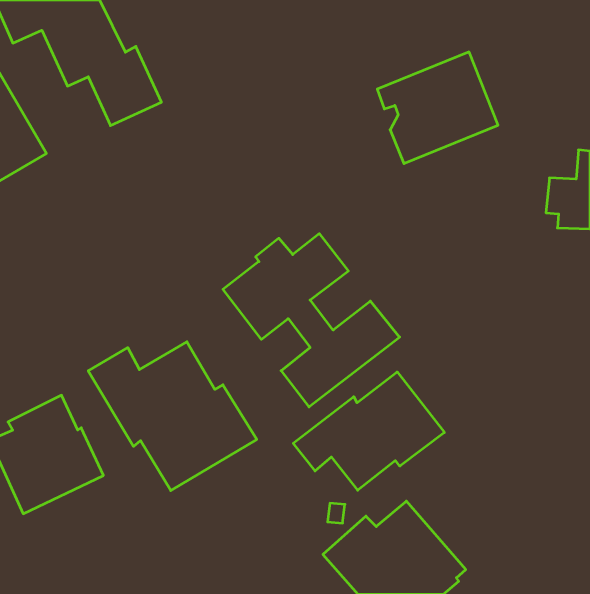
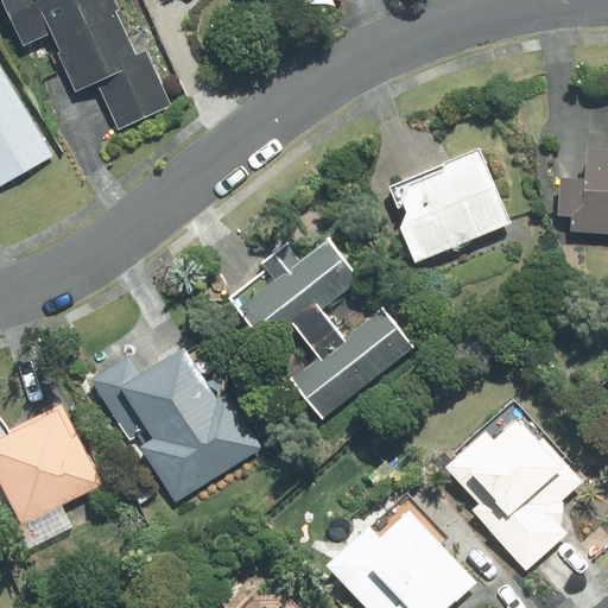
building: [377,52,498,164] -> [388,150,512,264]
building: [293,372,444,490] -> none
building: none -> [450,422,587,570]

